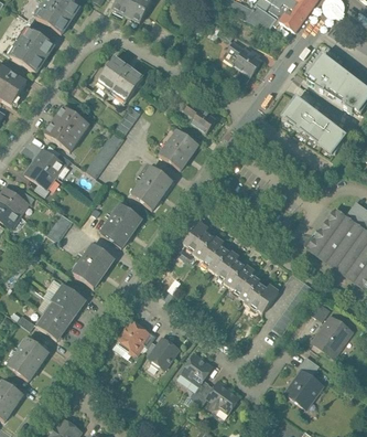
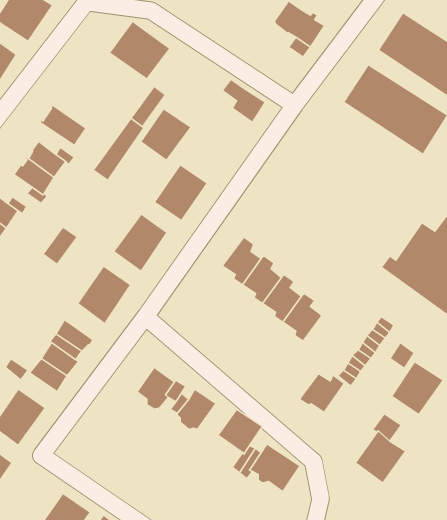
building: [54,106,89,138] -> none
building: [160,129,198,169] -> [140,108,191,161]
building: [244,283,278,312] -> [300,373,345,413]

